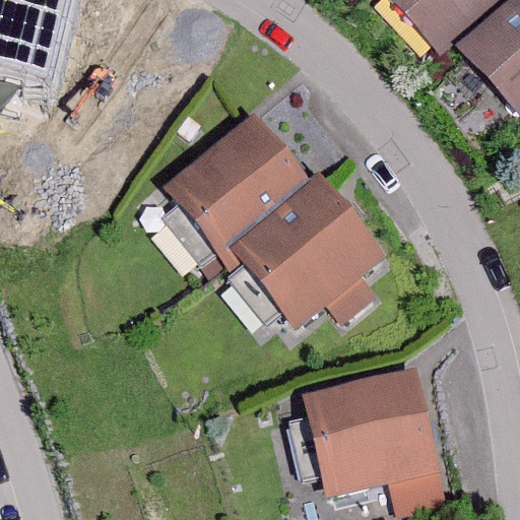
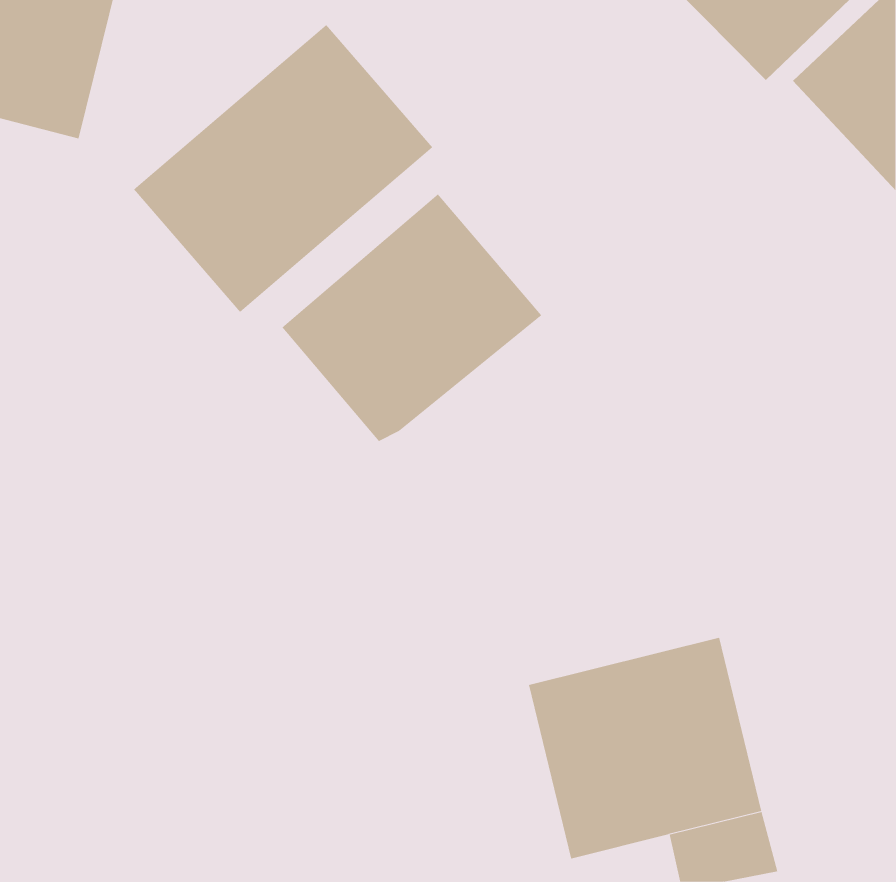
building: none -> [133,24,433,313]
building: [231,177,383,327] -> none

